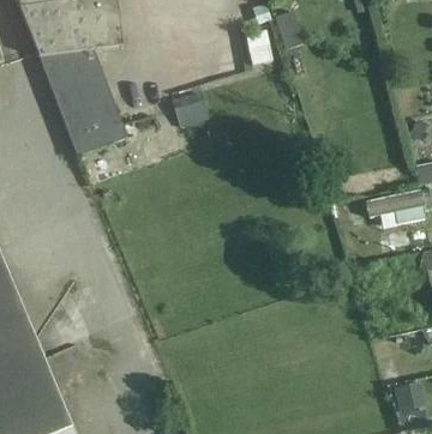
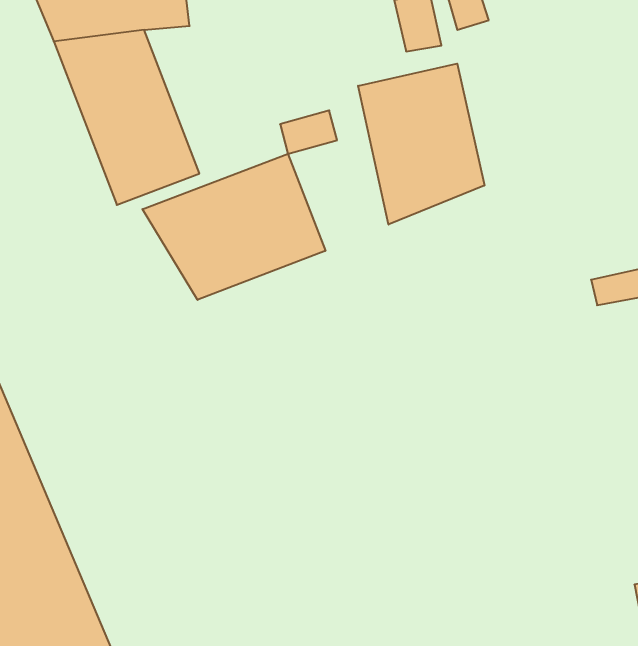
building: none -> [358,64,484,225]
building: none -> [142,154,325,300]

